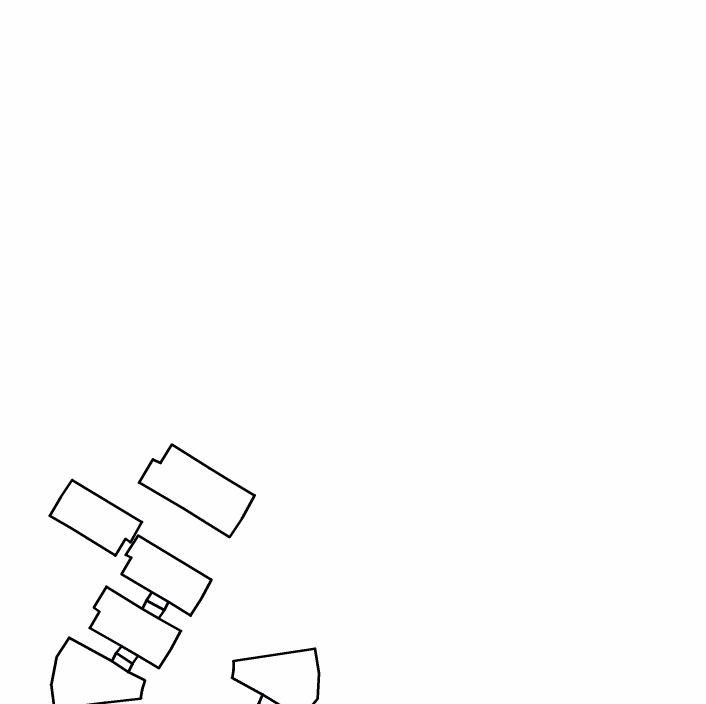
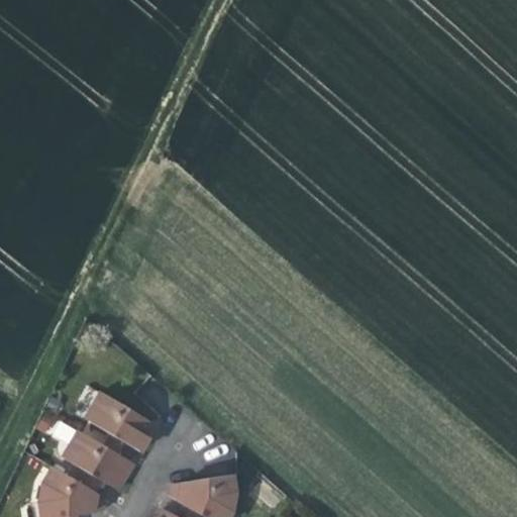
building: [139,445,255,537] -> none
building: [50,480,142,556] -> none

